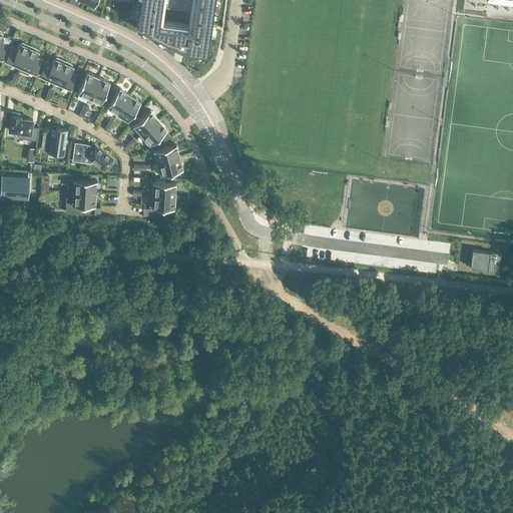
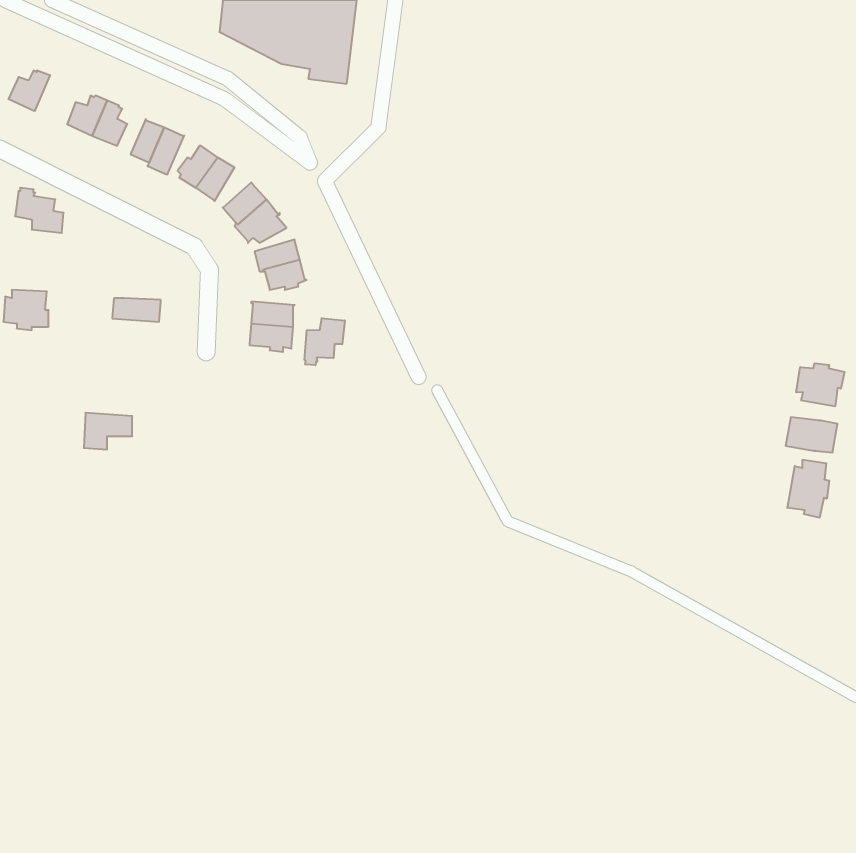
building: [19,47,42,76] -> none
building: [41,127,68,155] -> none
building: [72,144,114,172] -> none
building: none -> [305,318,345,365]
building: [66,192,95,214] -> [84,413,132,450]
building: none -> [796,363,844,406]
building: none -> [787,460,829,518]

